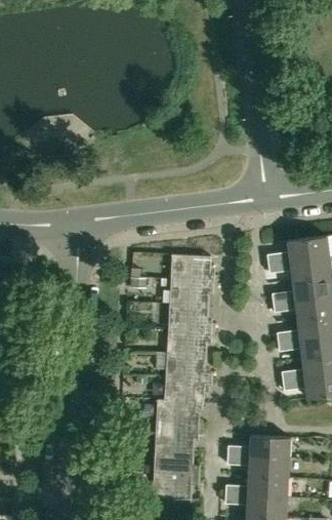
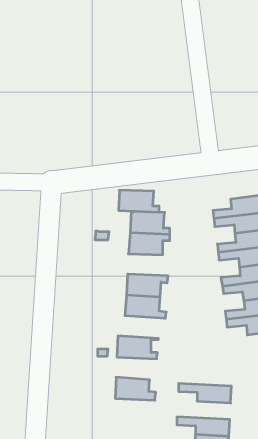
building: [167,304,214,329] -> [119,190,159,212]
building: [156,375,211,402] -> none
building: [154,424,201,450] -> none
building: [226,435,289,457] -> none
building: [152,472,199,498] -> none
building: [224,475,287,496] -> none

